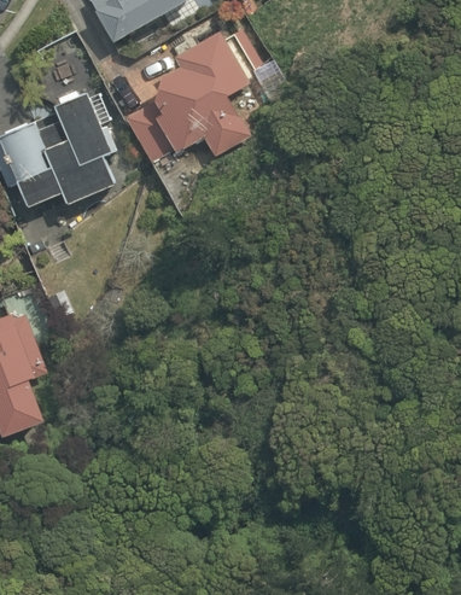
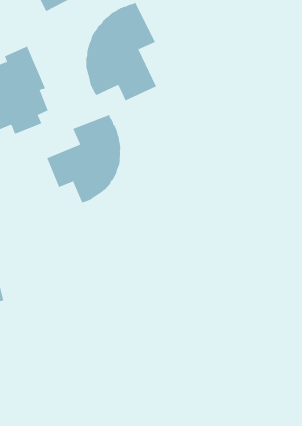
building: none -> [46,114,121,203]

